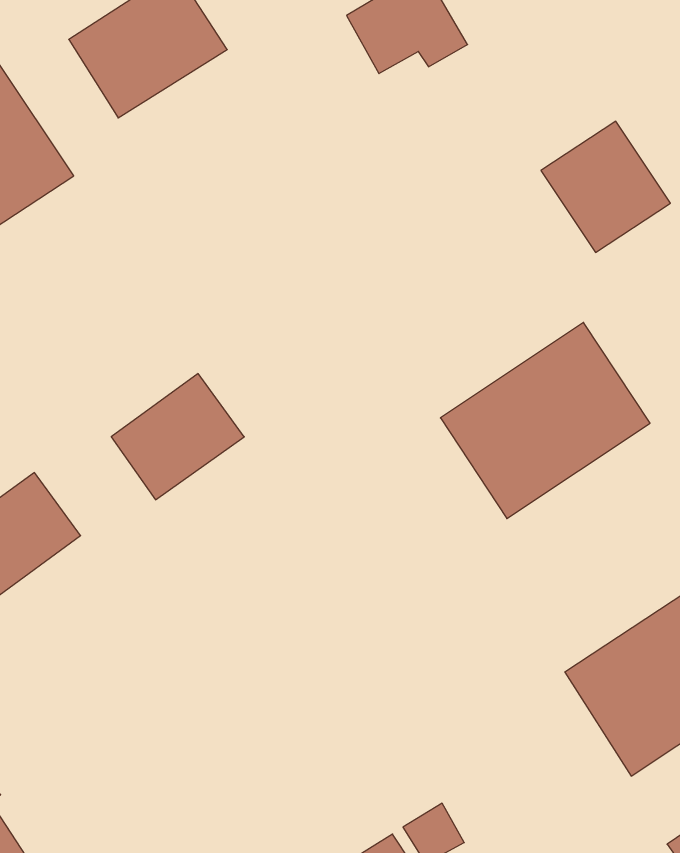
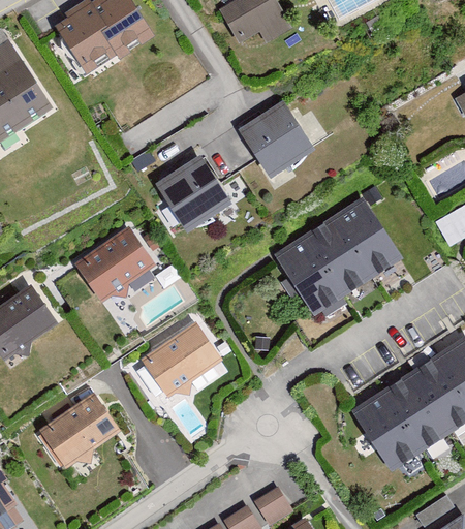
building: [541,121,670,252] -> [233,98,311,178]
building: none -> [150,153,227,232]
building: none -> [142,321,224,400]
building: none -> [38,392,123,471]

